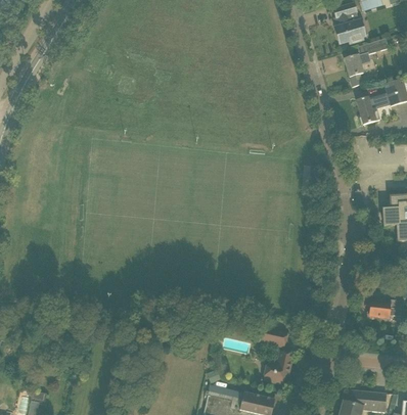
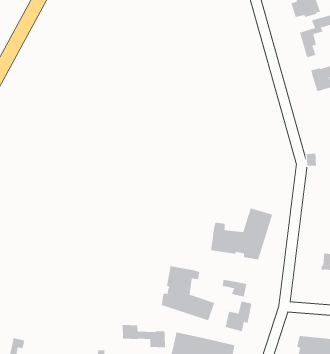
building: none -> [211,208,273,260]
building: none -> [161,265,215,321]
building: none -> [122,324,165,348]

